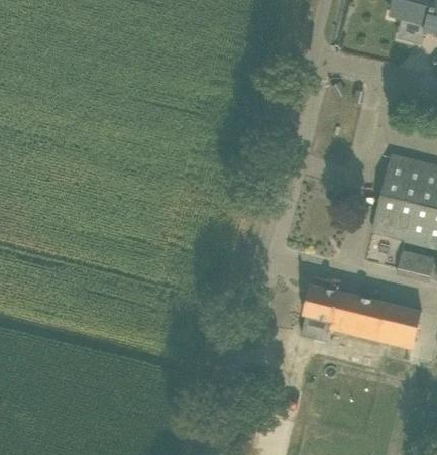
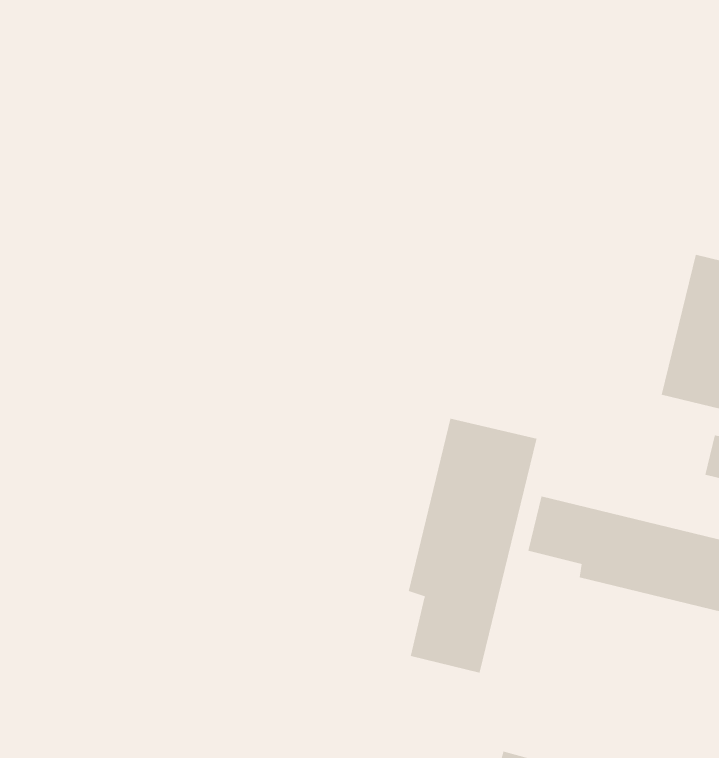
building: none -> [408,418,537,673]

